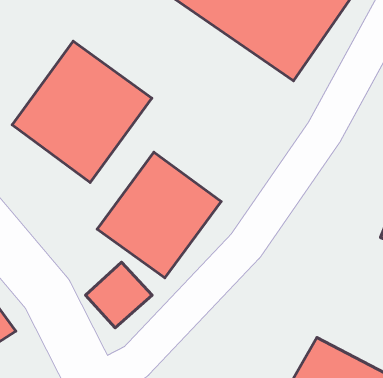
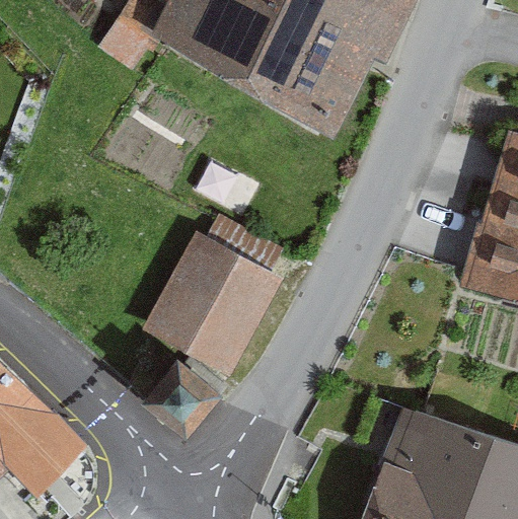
building: [12,41,152,182] -> none

